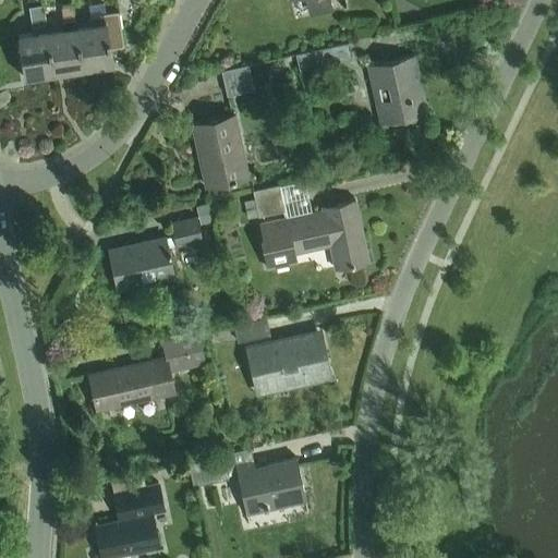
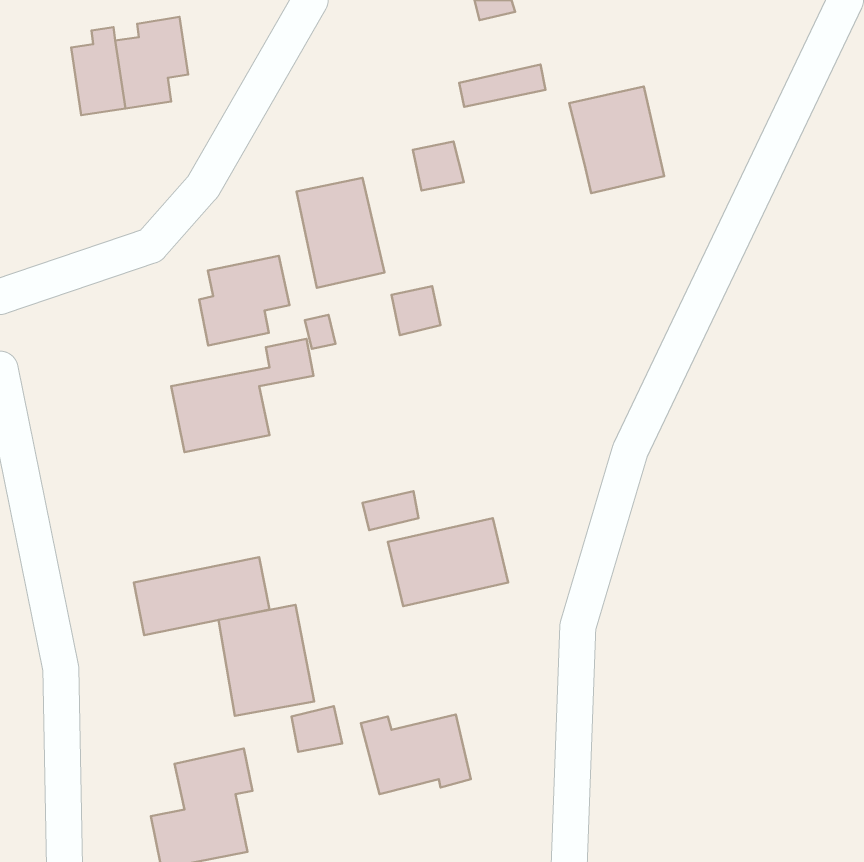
building: [16,8,53,81] -> none
building: [222,64,255,96] -> [413,141,464,191]
building: none -> [199,256,289,346]
building: [260,205,366,271] -> none
building: [162,333,201,369] -> none
building: none -> [219,605,314,716]

